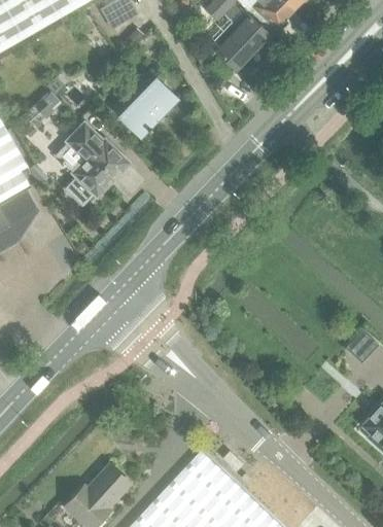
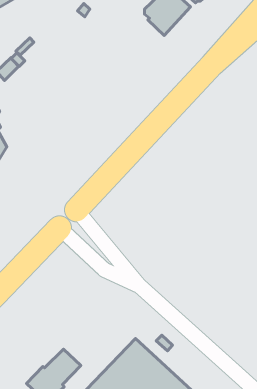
building: [119,78,179,139] -> none
building: [55,122,129,200] -> none

